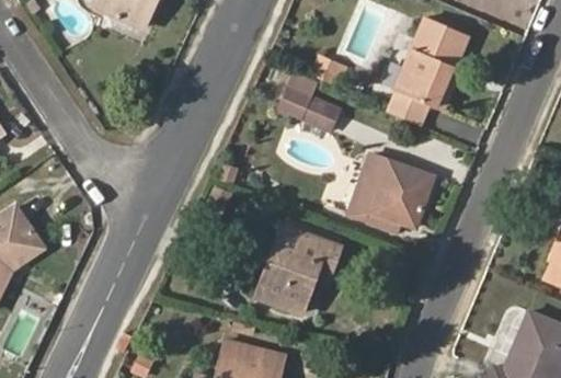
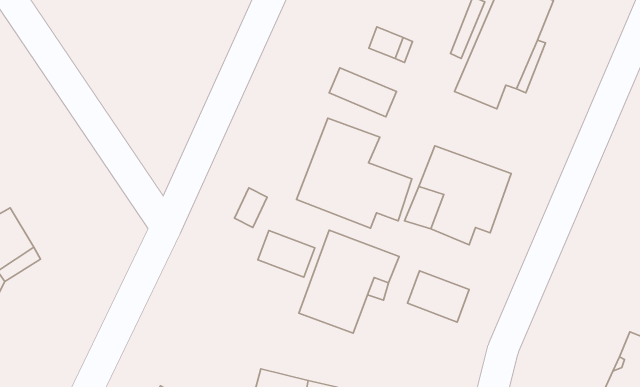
building: none -> [297,118,412,228]
building: none -> [258,231,315,277]
building: none -> [407,271,469,322]

